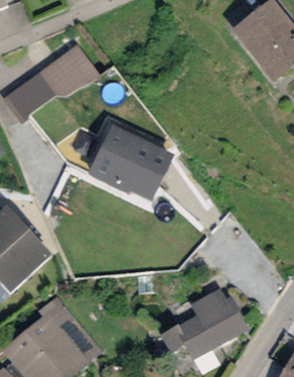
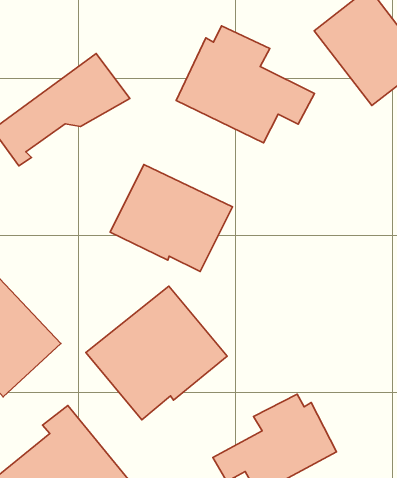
building: none -> [176,26,315,143]
building: none -> [86,286,227,420]

